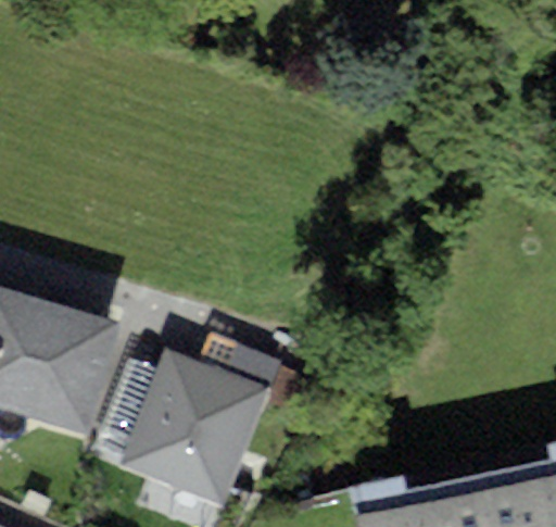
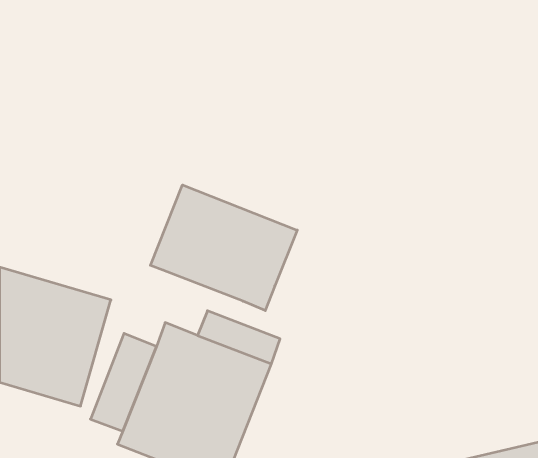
building: none -> [150,185,297,311]

